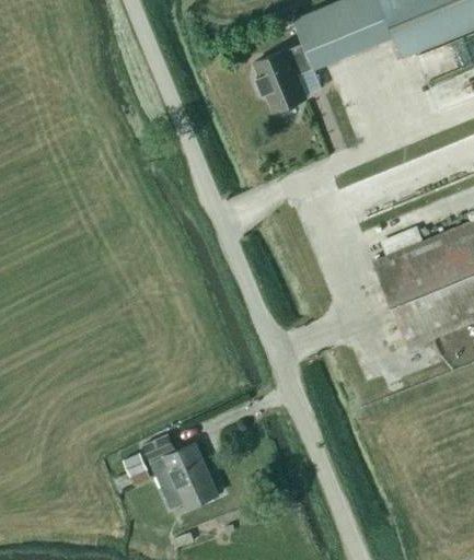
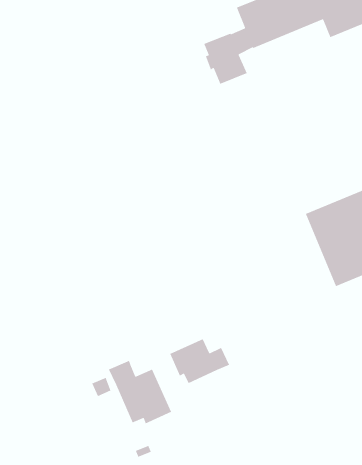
building: none -> [169,338,230,384]

